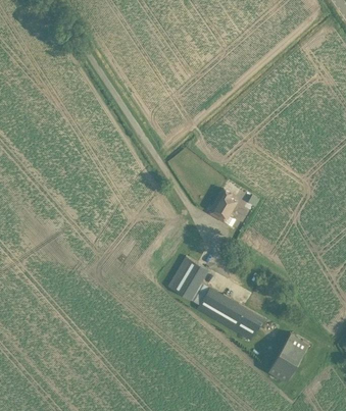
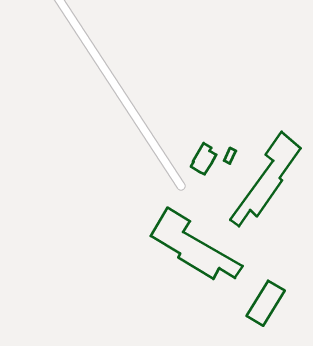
building: none -> [230,132,301,226]

